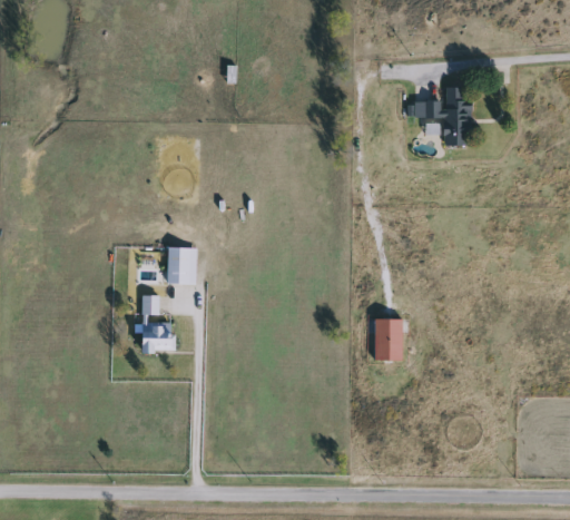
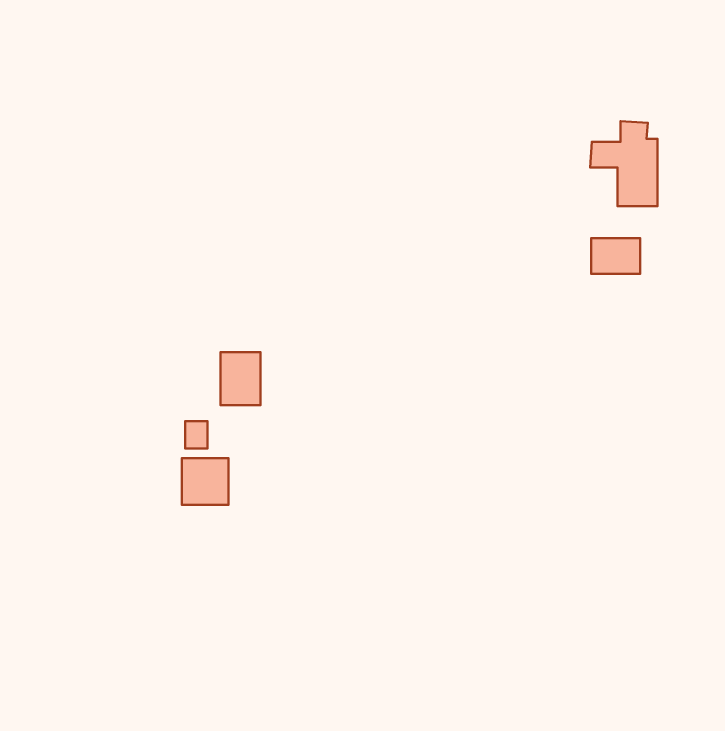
building: none -> [591,238,640,274]
building: [374,318,401,360] -> none

